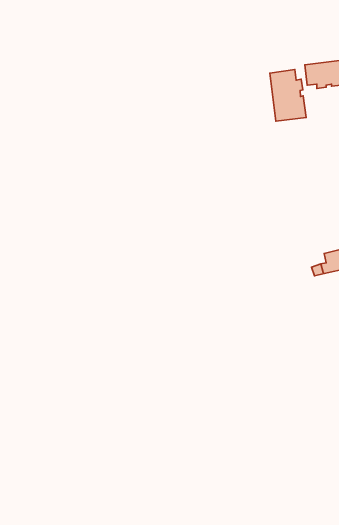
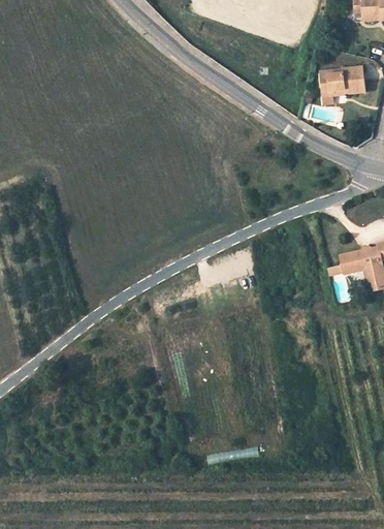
building: [270,70,306,121] -> none

